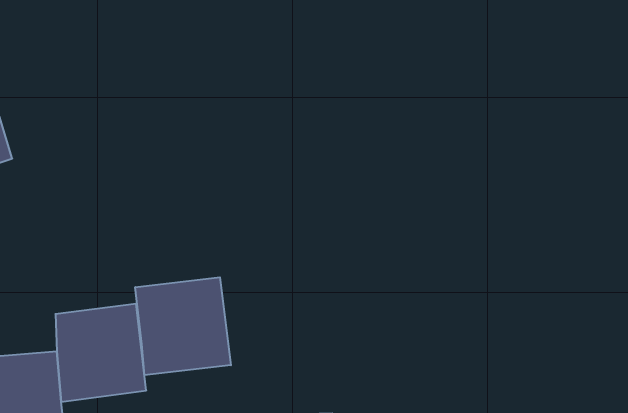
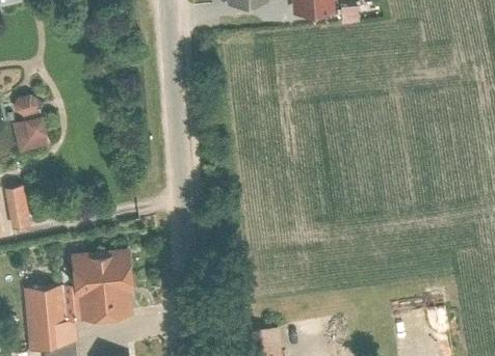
building: [135,277,231,375] -> none

